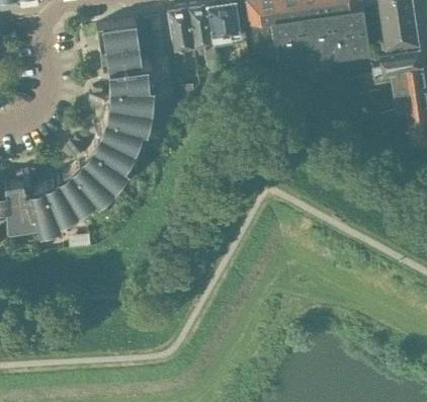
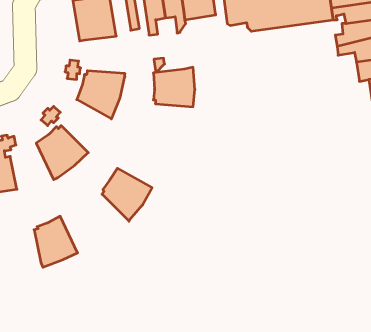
building: [111,64,155,105] -> [153,67,195,107]
building: [86,133,139,188] -> [102,168,152,221]
building: [32,178,78,232] -> [34,216,78,267]

